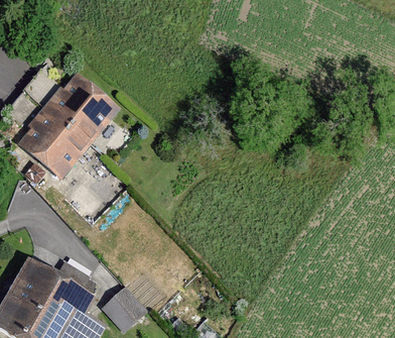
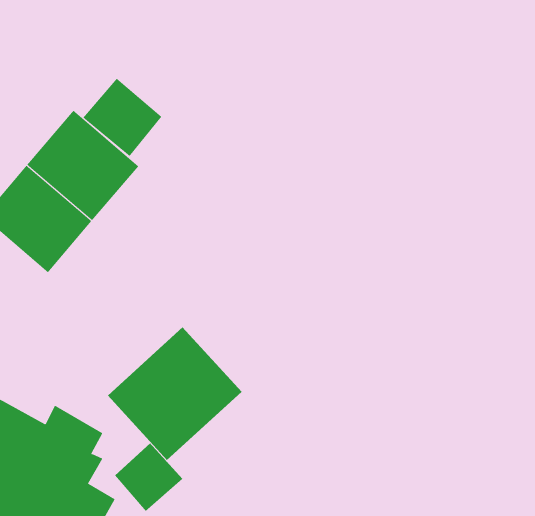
building: none -> [83,78,162,157]
building: none -> [107,326,242,461]

